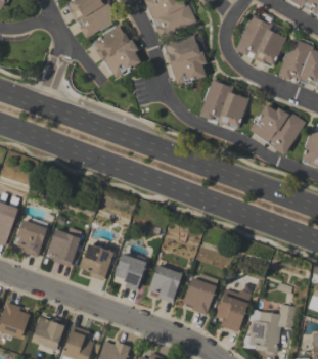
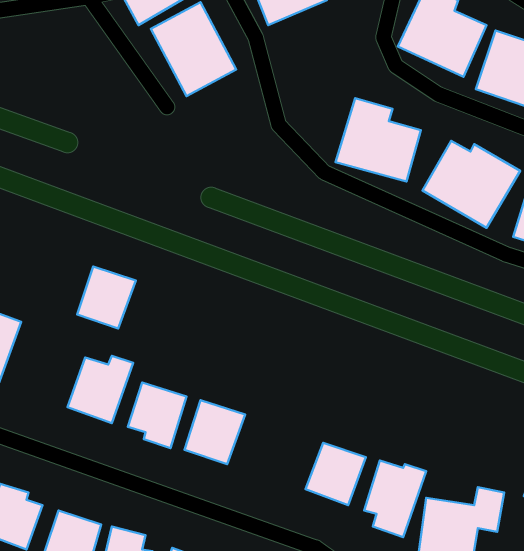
building: [165,34,207,84] -> none
building: [14,219,48,255] -> [77,266,136,329]
building: [149,264,182,302] -> none

